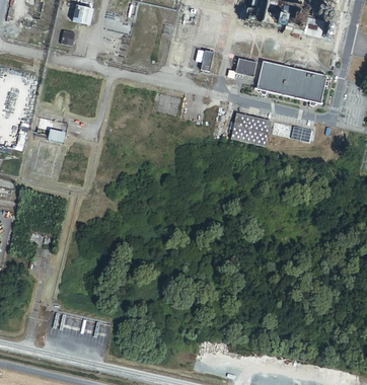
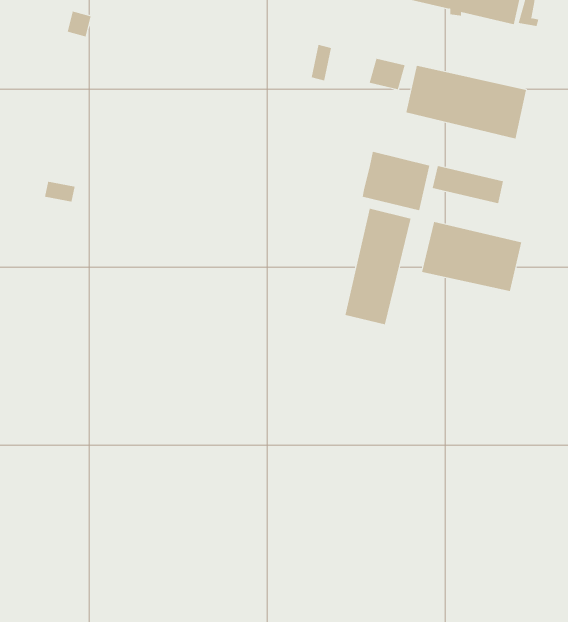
building: none -> [345,208,411,325]
building: none -> [421,221,522,292]

